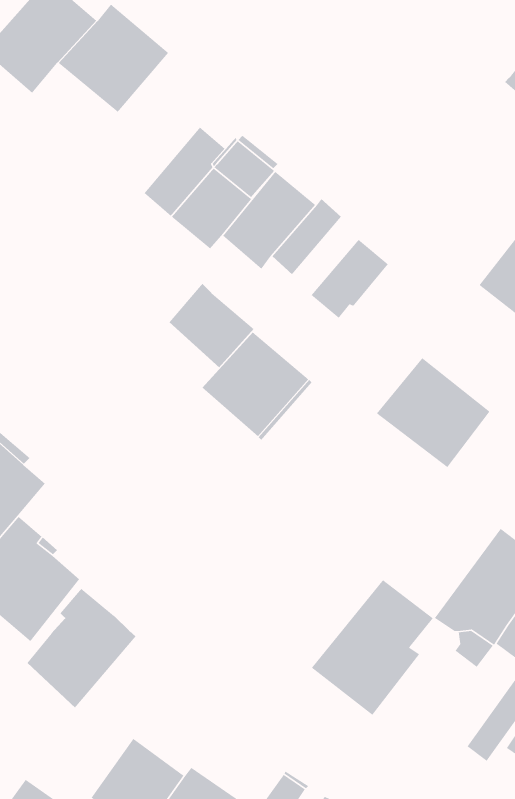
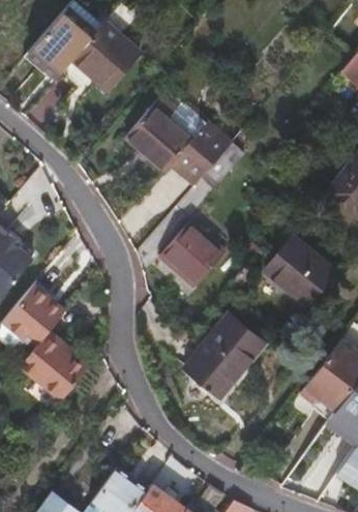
building: [310,239,389,319] -> none
building: [169,283,254,368] -> none
building: [311,579,434,716] -> [185,314,260,397]
building: [26,588,136,709] -> none

